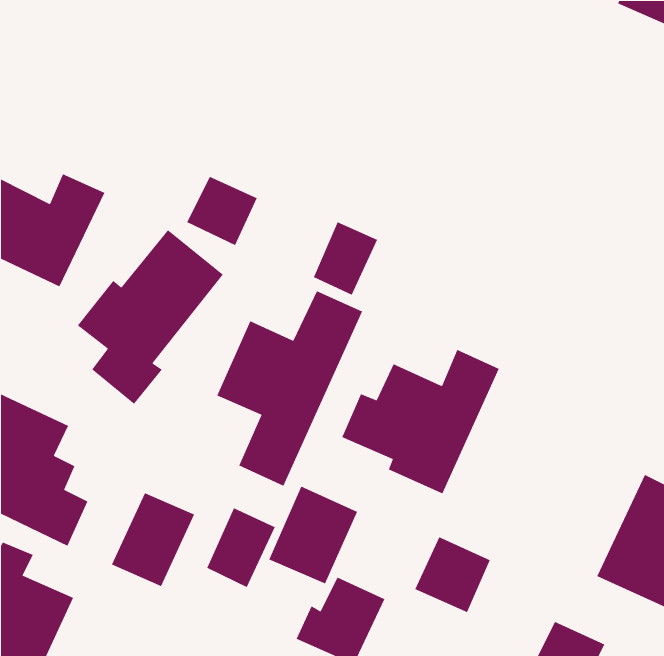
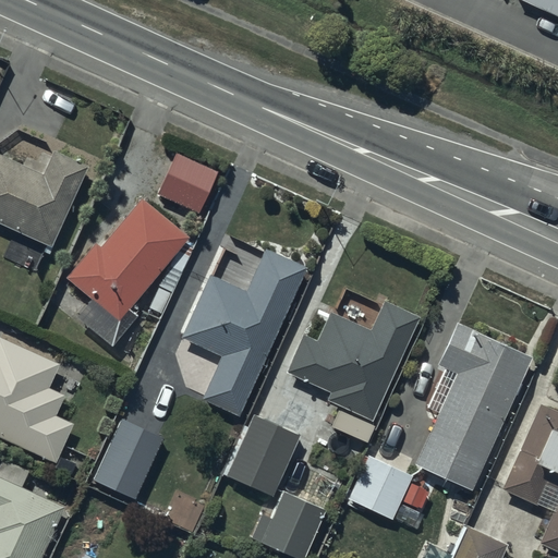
building: [313,221,378,296] -> none
building: none -> [415,323,530,489]
building: [206,507,276,588] -> none

